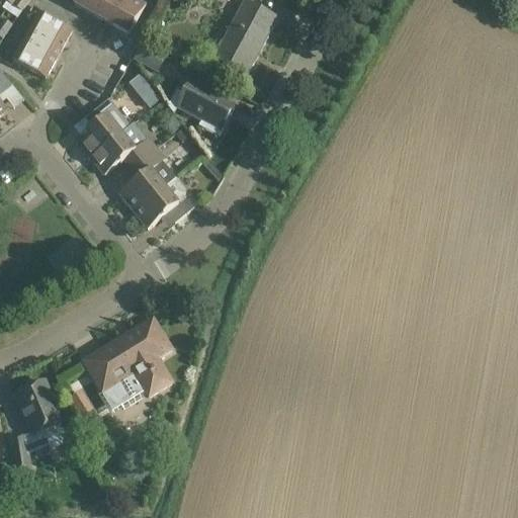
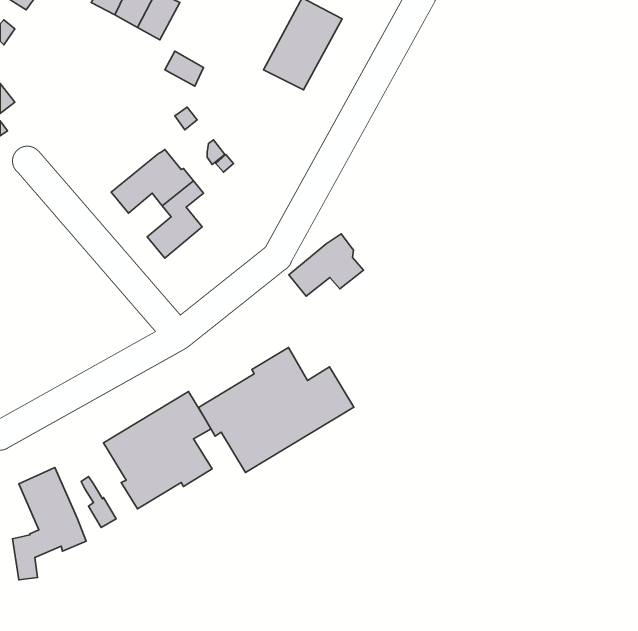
building: [13,10,72,76] -> none
building: [177,79,235,134] -> none
building: [76,98,128,156] -> none
building: [134,176,194,227] -> [289,234,364,296]
building: none -> [198,348,354,473]

